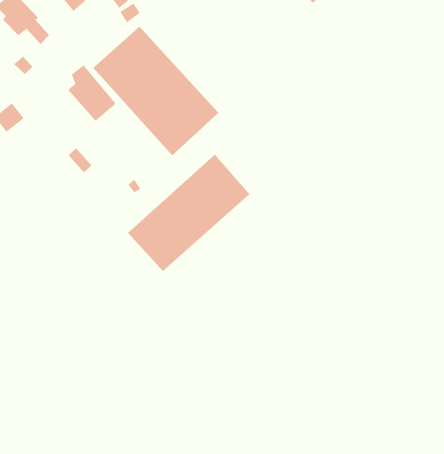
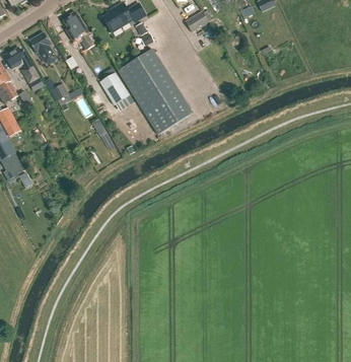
building: [127,154,250,272] -> none

